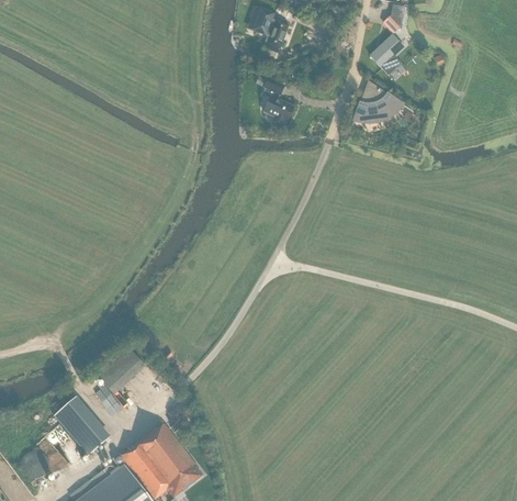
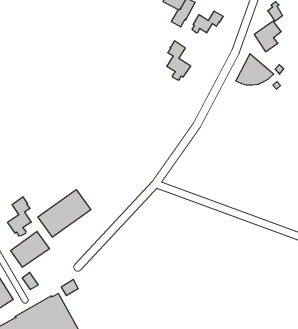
building: none -> [192,11,223,33]
building: none -> [38,190,91,237]
building: none -> [7,197,31,236]

